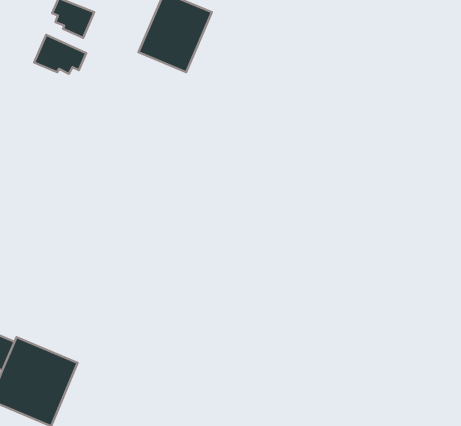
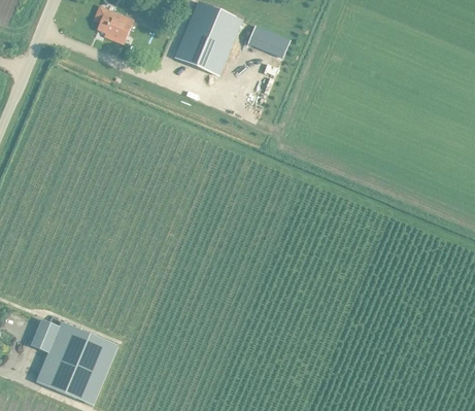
building: none -> [247,25,291,58]
building: [34,35,86,74] -> none

